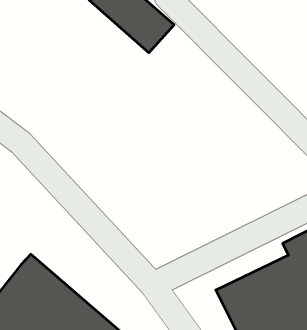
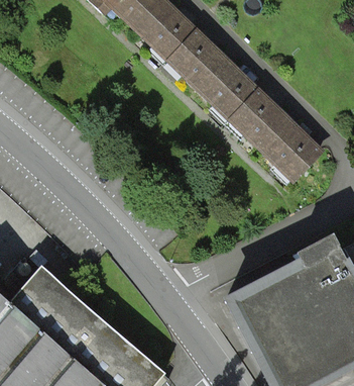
building: none -> [167,35,252,118]
building: none -> [231,96,323,184]

